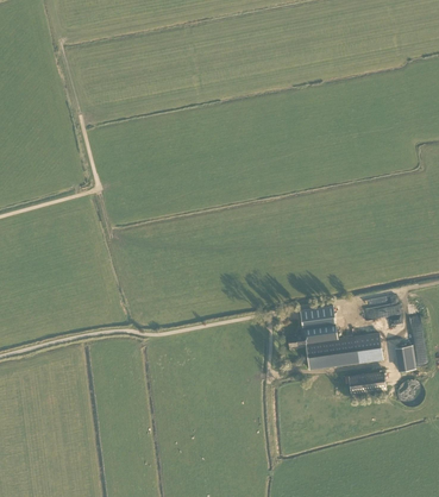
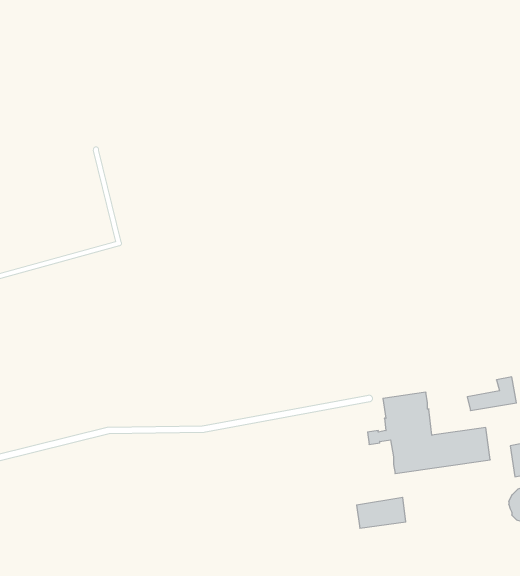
building: [347,371,385,395] -> [357,497,406,528]

